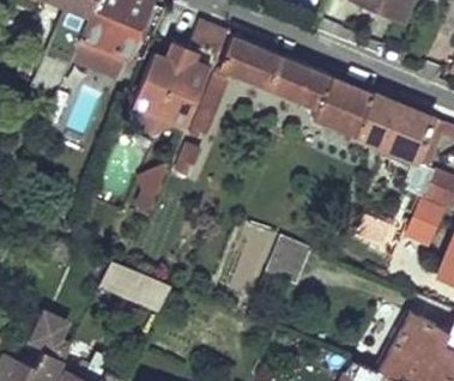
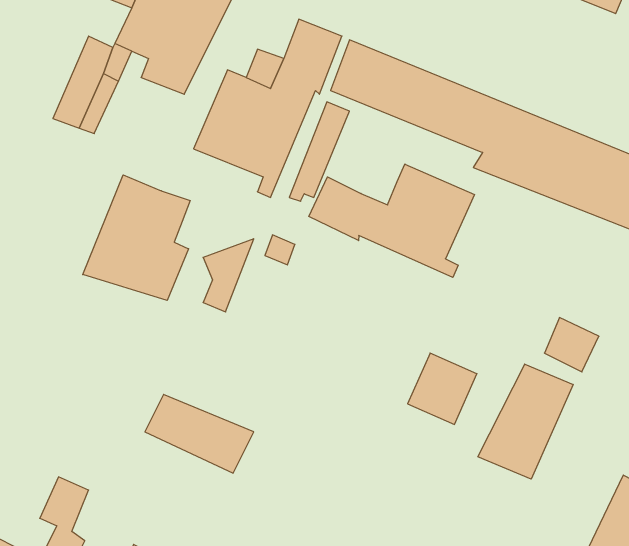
building: none -> [309,164,475,277]
building: none -> [83,175,190,300]
building: none -> [478,364,573,479]

